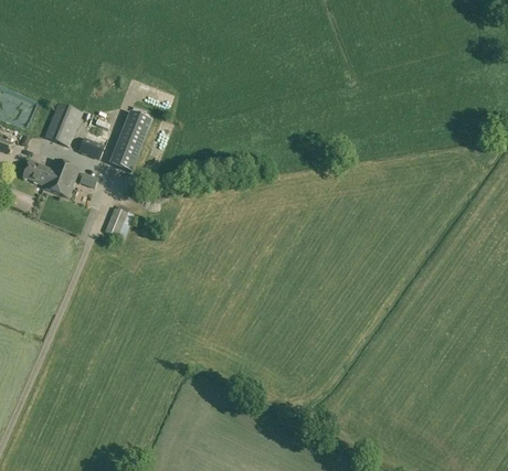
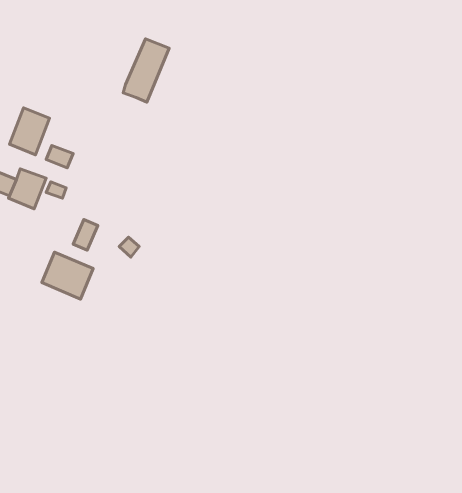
building: [109,110,152,170] -> [123,39,169,102]
building: none -> [42,252,93,299]

